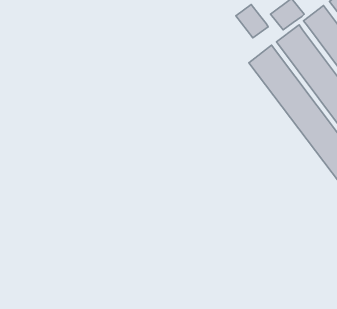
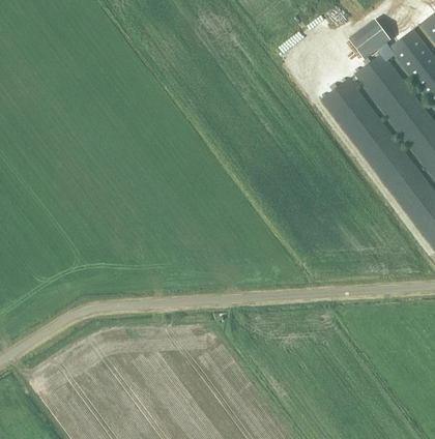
building: [236,4,268,38] -> none

